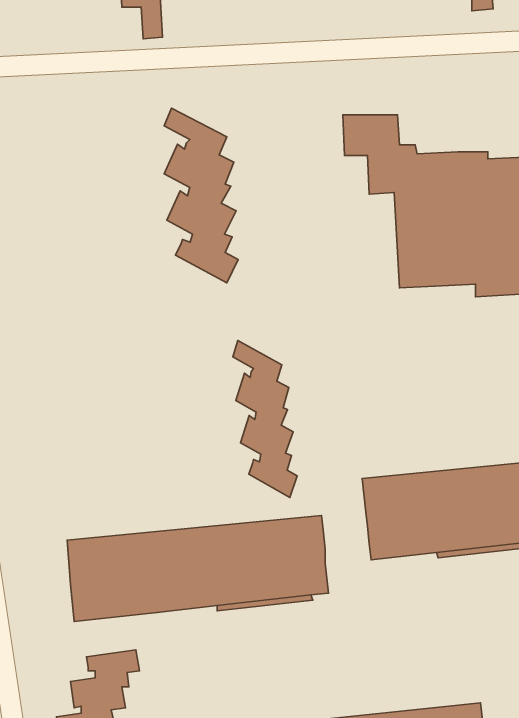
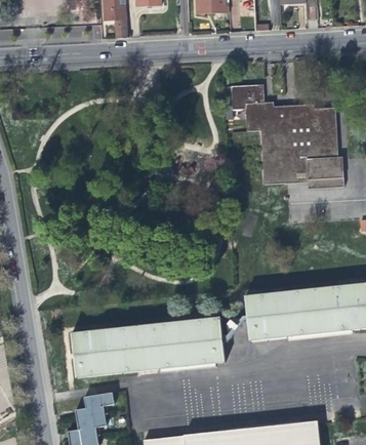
building: [164,108,238,283] -> none
building: [233,340,297,497] -> none

